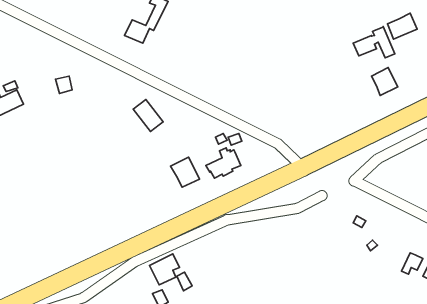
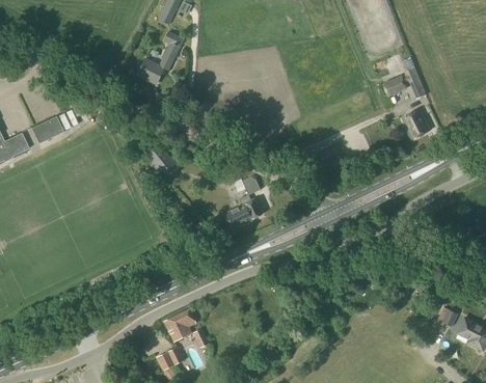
building: [387,13,417,39] -> none
building: none -> [31,115,63,143]
building: [171,157,199,187] -> none

